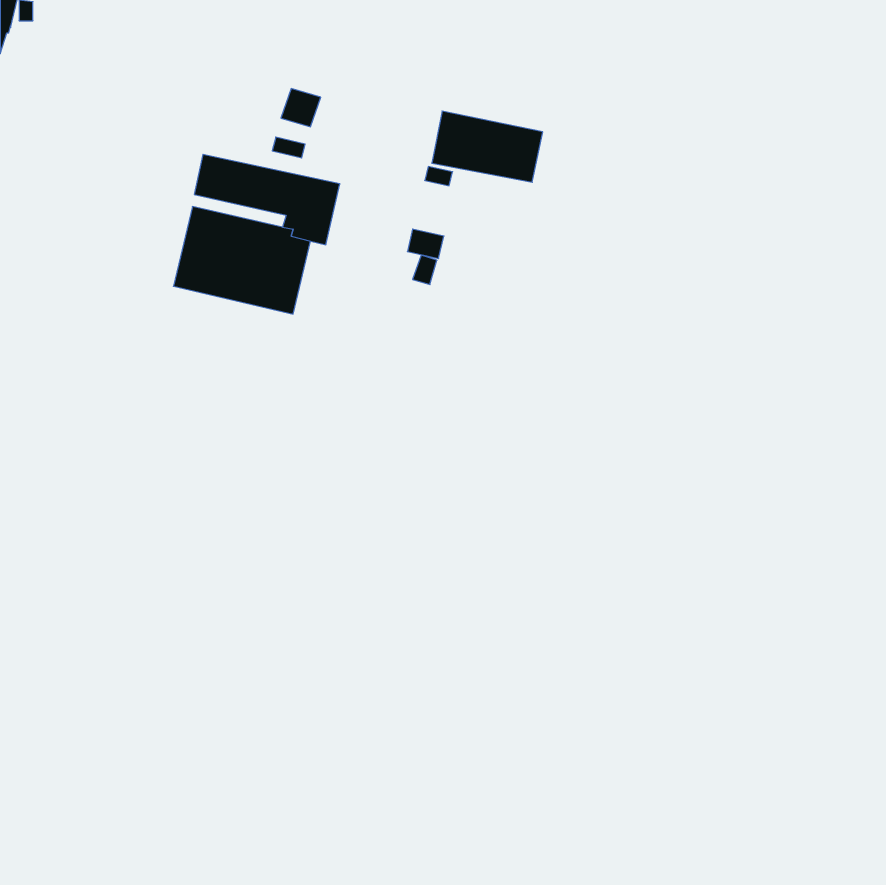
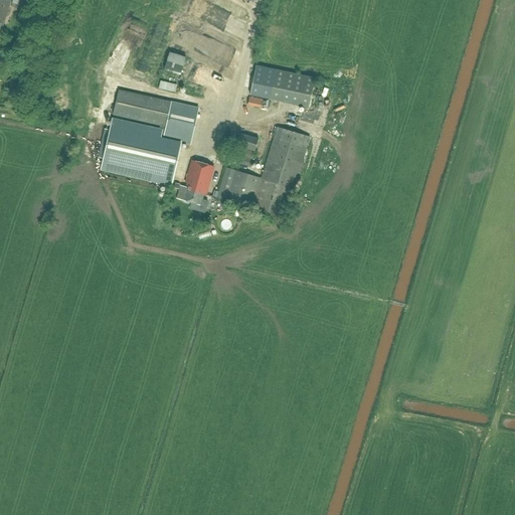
building: none -> [216,126,310,216]
building: none -> [176,159,213,204]

